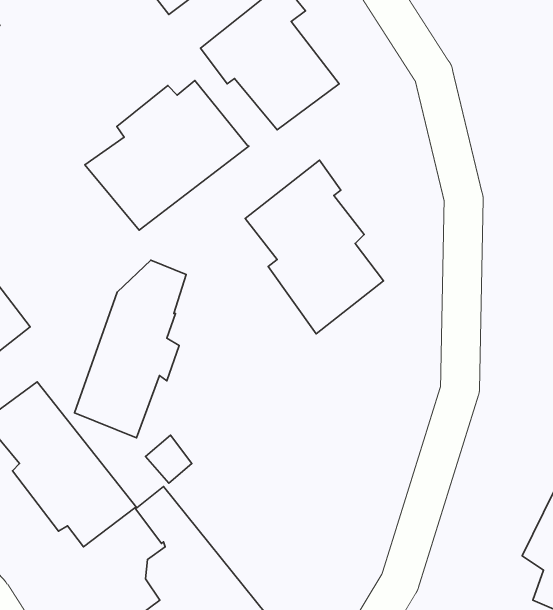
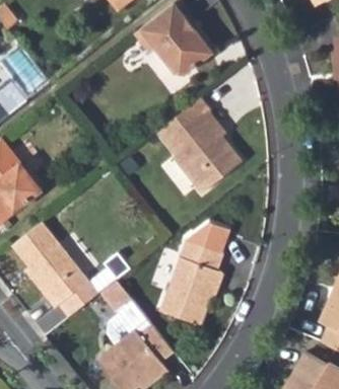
building: [85,80,249,230] -> none
building: [74,260,186,438] -> [160,222,224,323]

